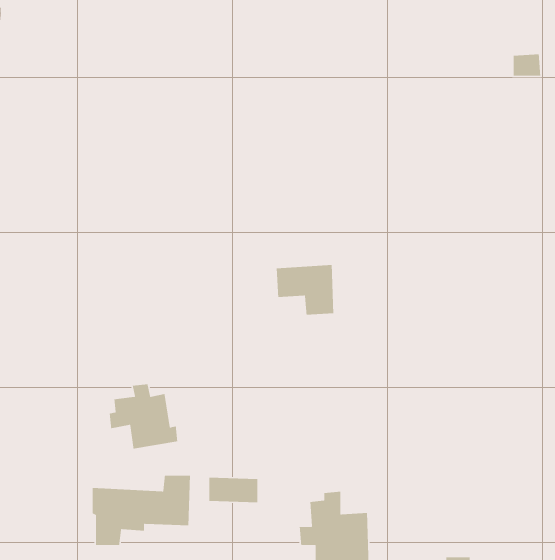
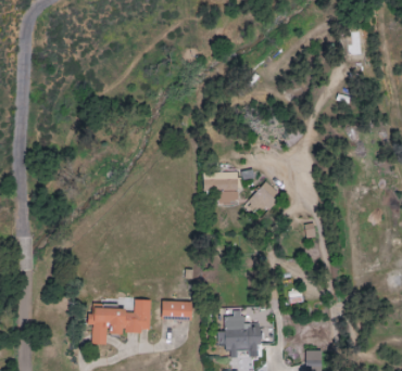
building: none -> [247,181,282,217]
building: [109,383,178,450] -> none

